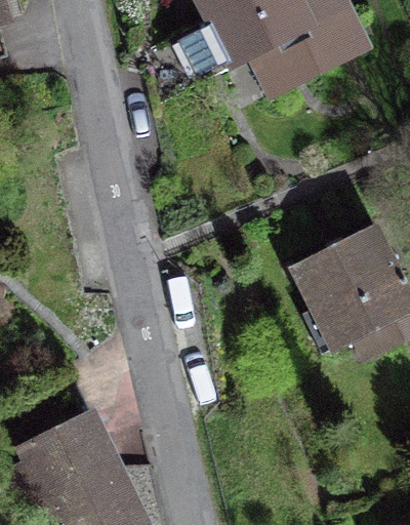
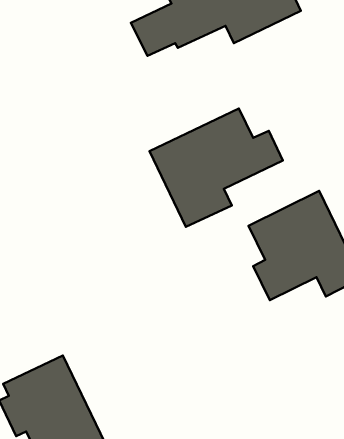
building: none -> [149,108,283,227]

